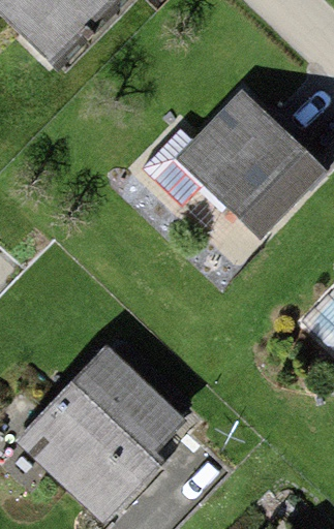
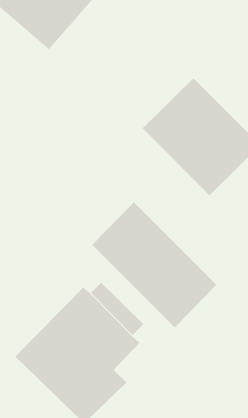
building: none -> [91,201,217,328]

